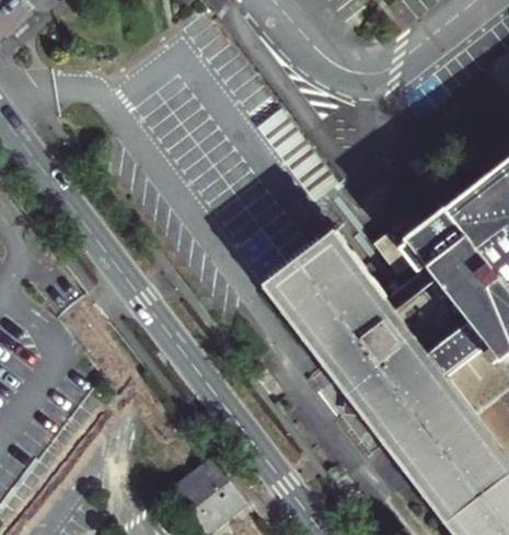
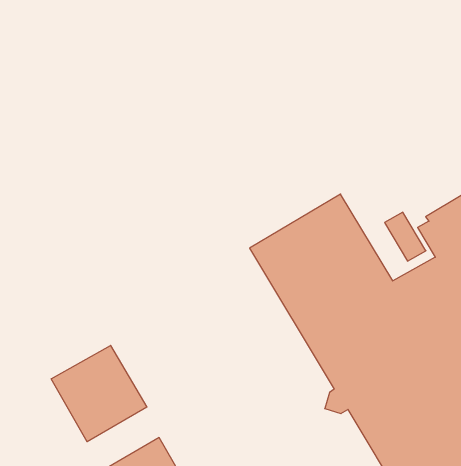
building: none -> [51,345,147,442]

